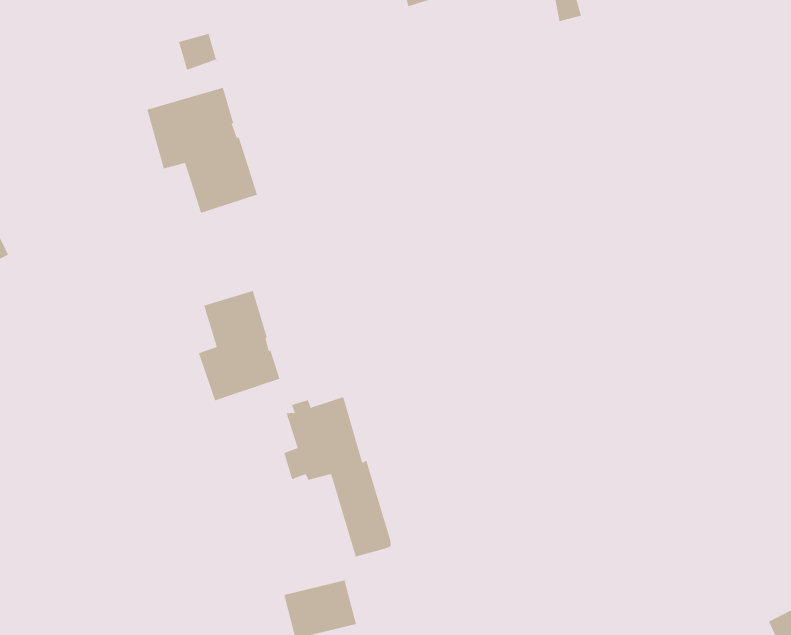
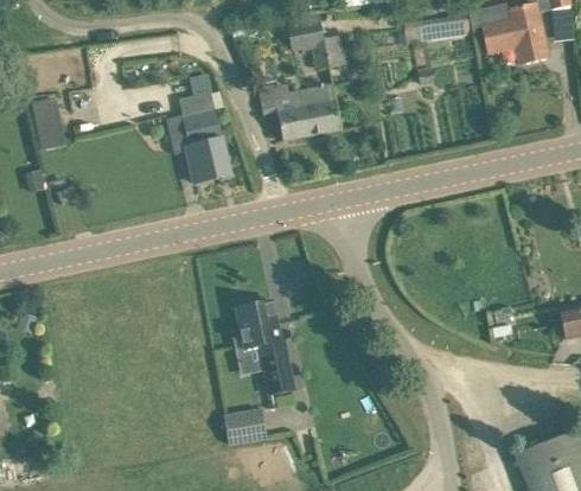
building: none -> [258,85,340,141]
building: [198,290,280,401] -> none

